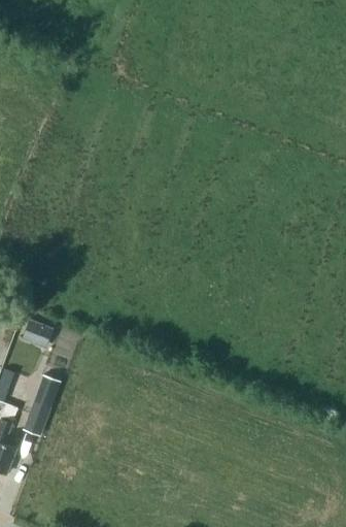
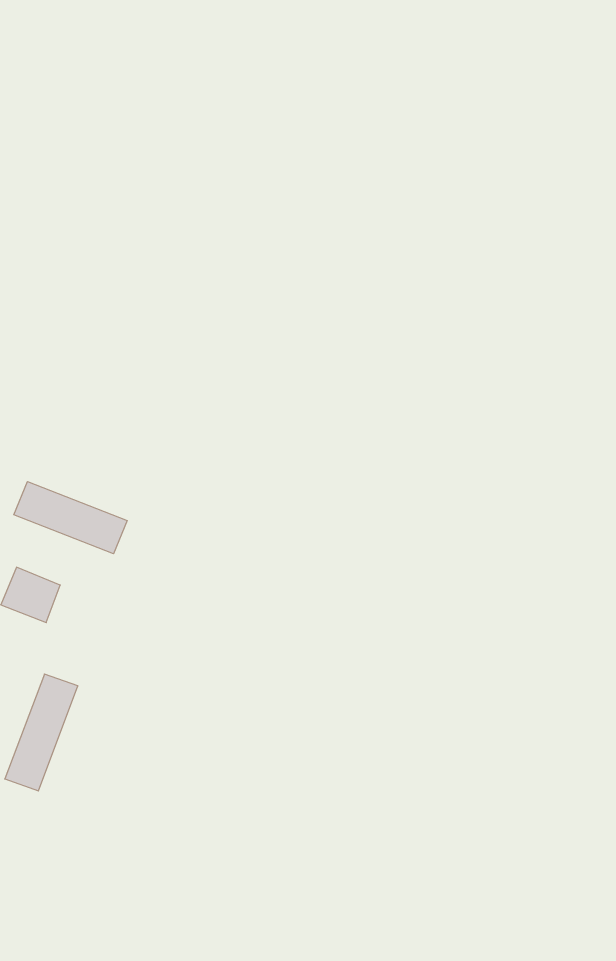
building: none -> [14,482,127,554]

